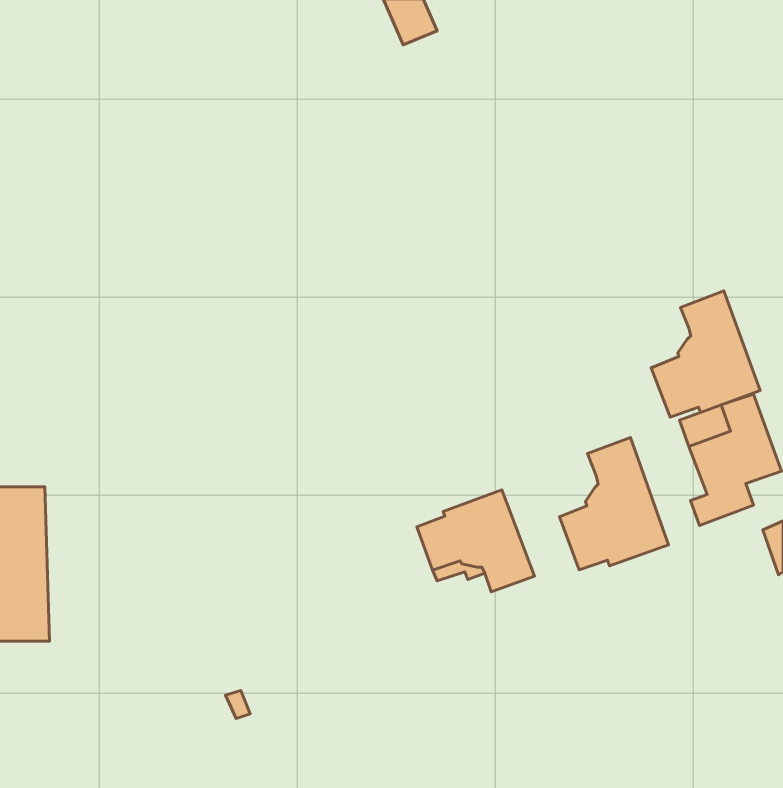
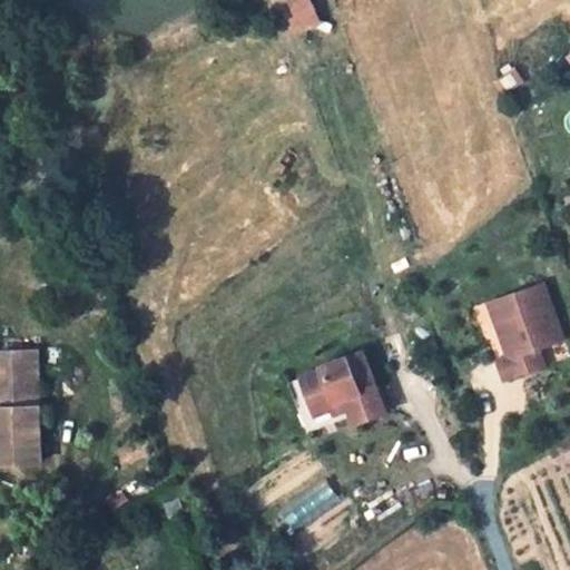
building: [651,291,760,417] -> none
building: [560,437,669,570] -> none

